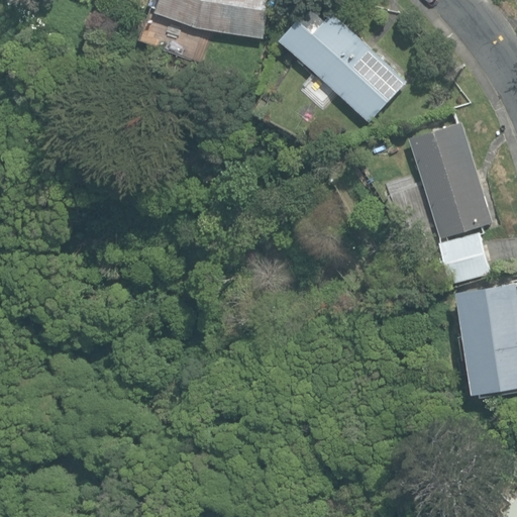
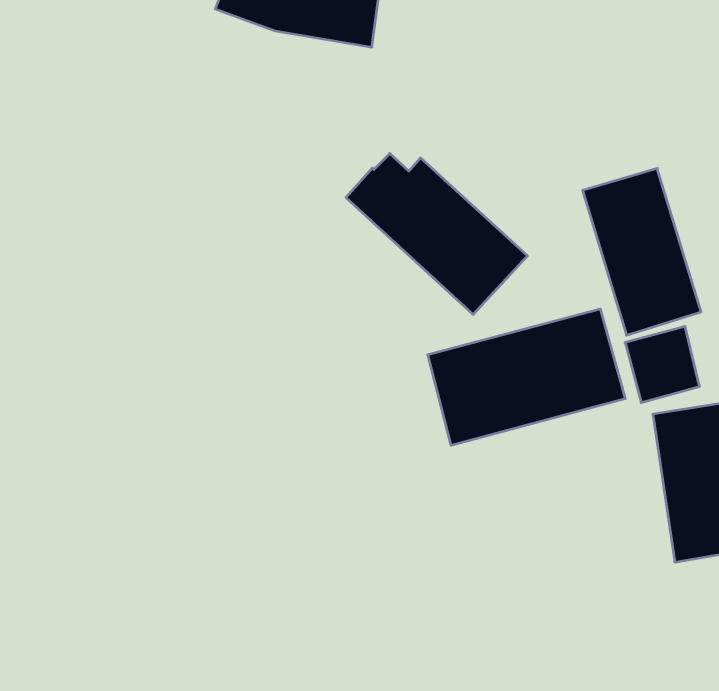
building: [281,11,406,122] -> [346,153,527,314]
building: none -> [428,309,625,445]

